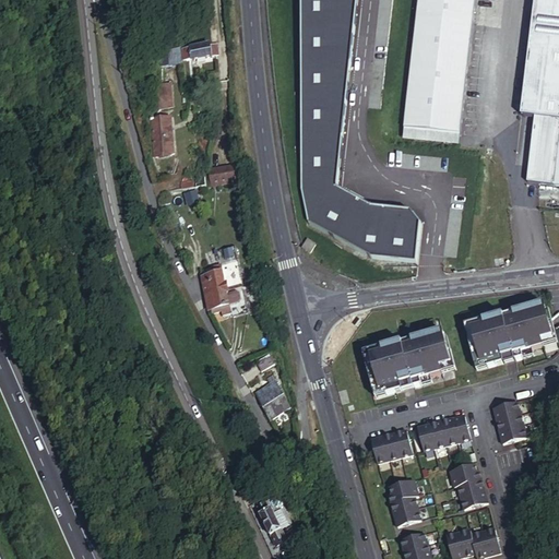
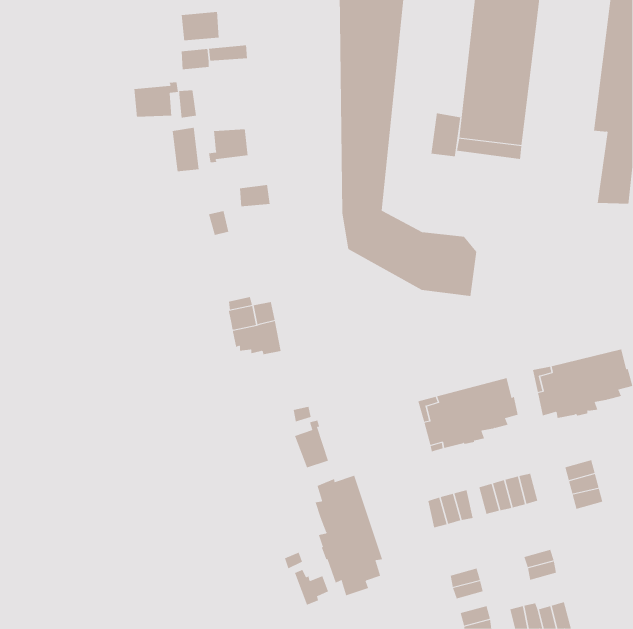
building: none -> [181,11,219,41]
building: none -> [134,82,178,118]
building: none -> [431,112,461,157]
building: none -> [209,129,248,163]
building: none -> [315,475,383,596]
building: [452,464,483,488] -> none
building: [391,479,418,504] -> none

